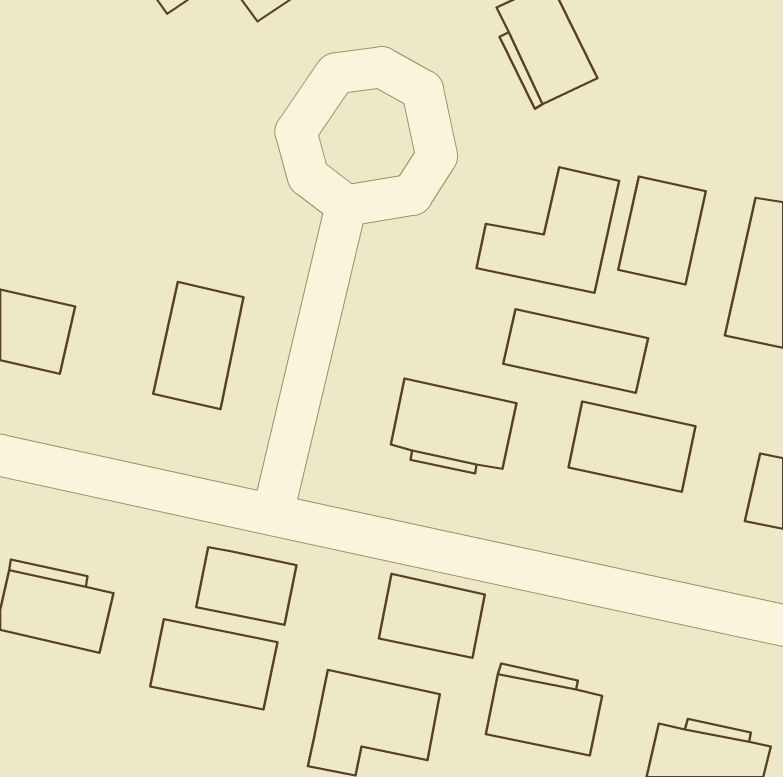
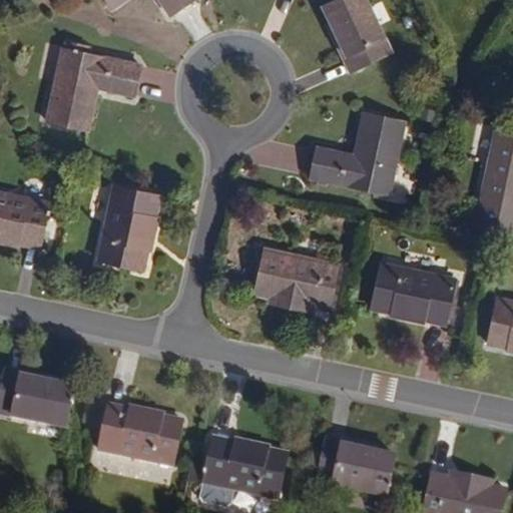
building: none -> [47,55,140,136]
building: [618,177,706,285] -> none
building: [503,309,648,393] -> none
building: [196,547,297,625] -> none
building: [379,574,485,658] -> none

